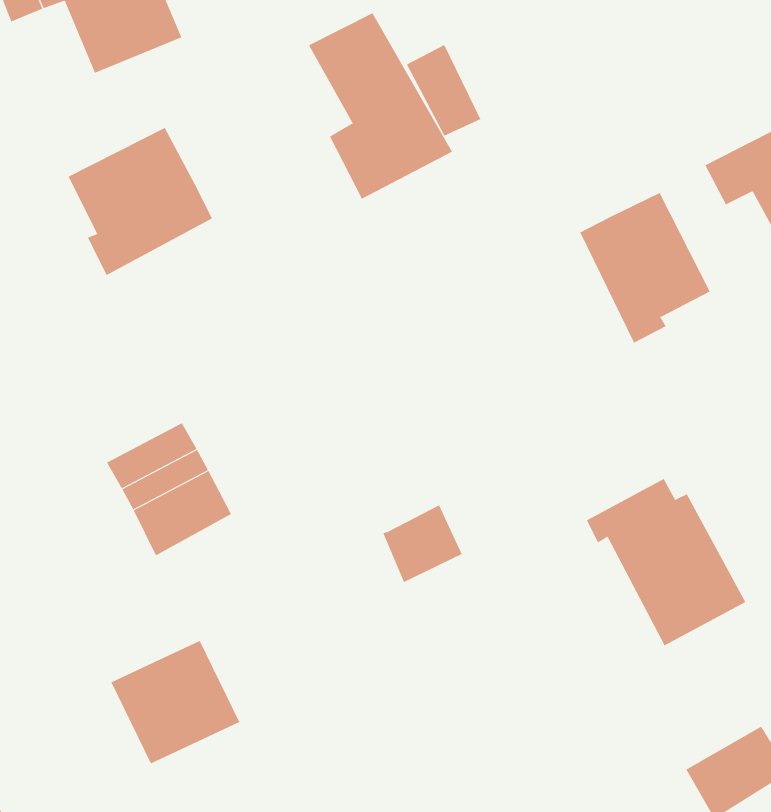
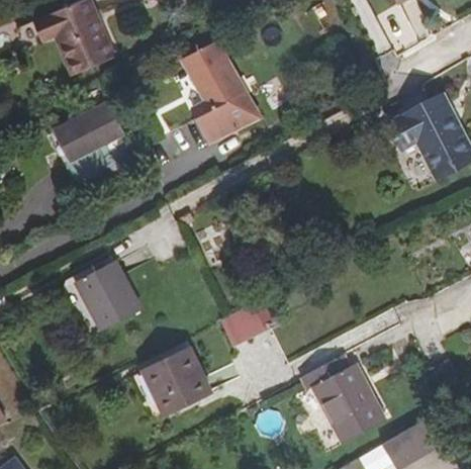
building: [406,44,481,137] -> none
building: [579,192,710,344] -> none
building: [586,478,746,646] -> [301,354,386,443]
building: [110,640,240,764] -> [143,348,211,413]

